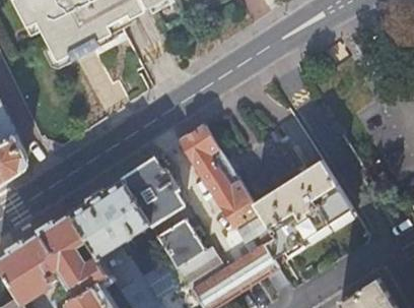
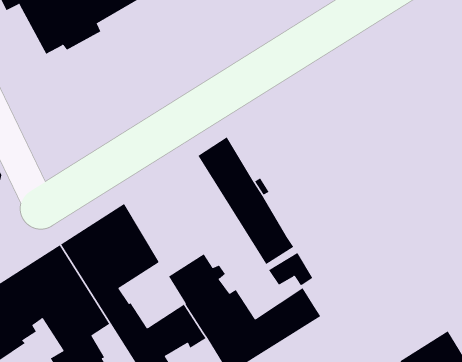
building: [121,159,180,225] -> none
building: [250,160,351,260] -> none

